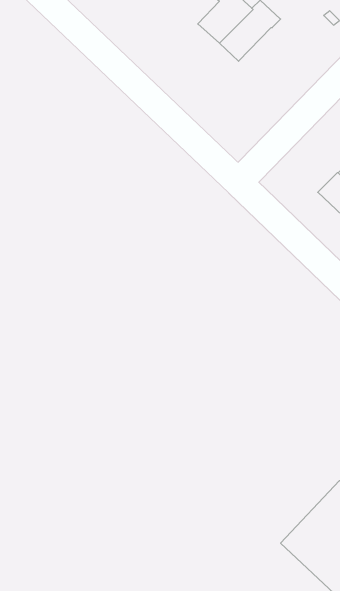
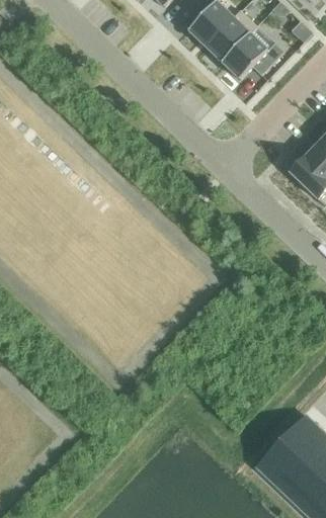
building: none -> [222,26,283,80]

